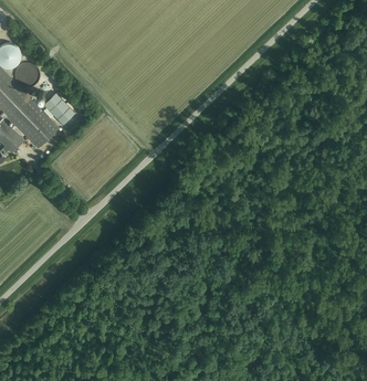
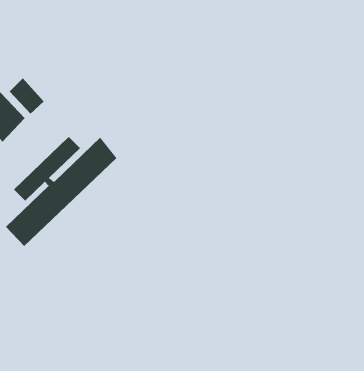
building: none -> [5,136,117,247]

